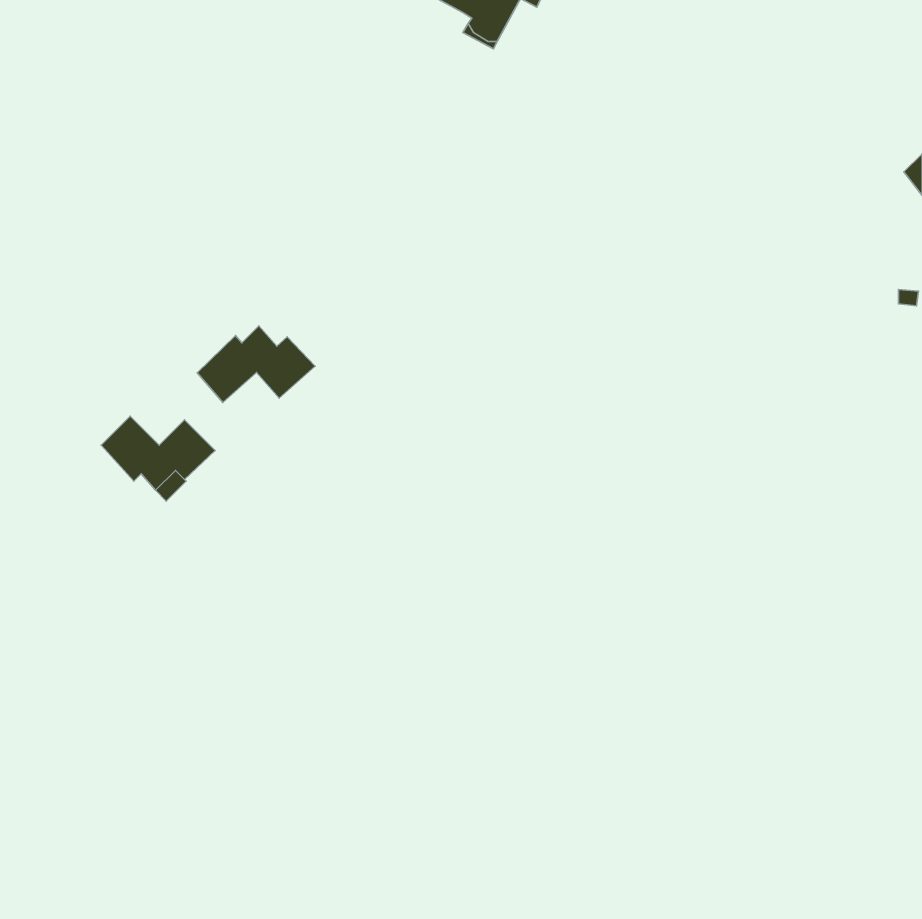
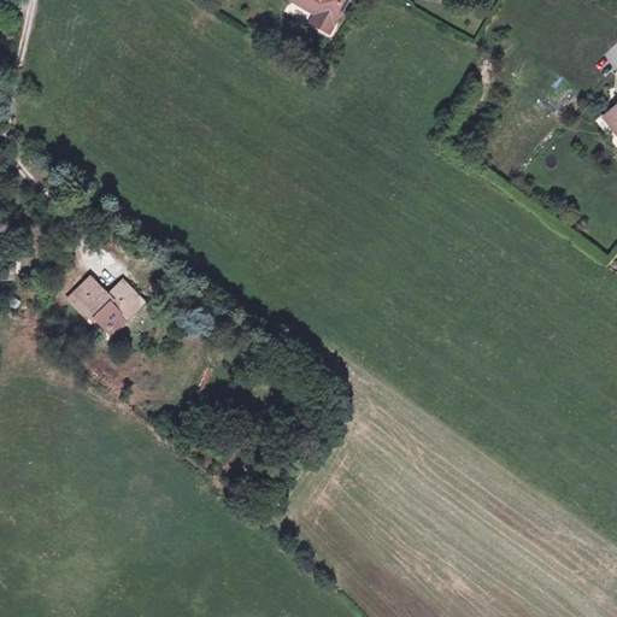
building: [197,326,315,402] -> none

